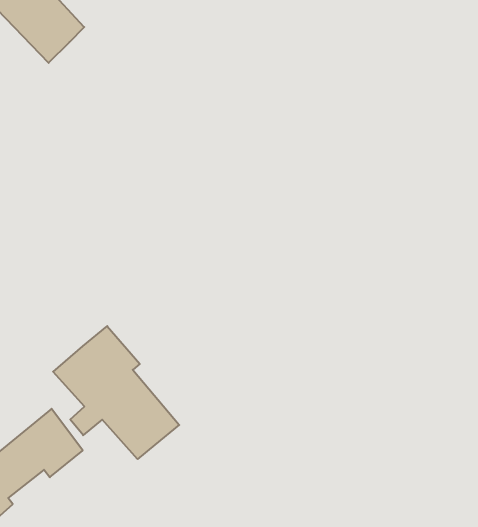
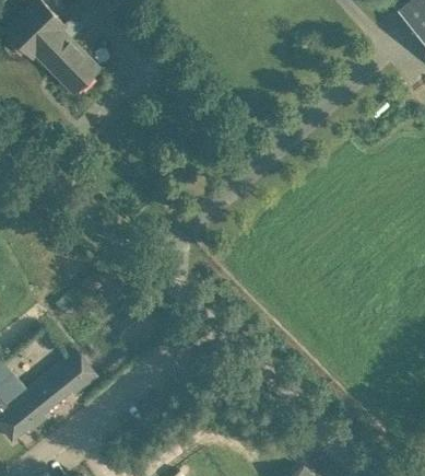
building: [53,326,179,459] -> none

